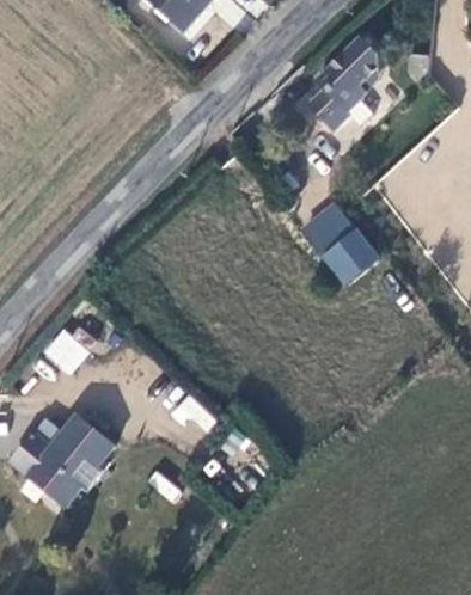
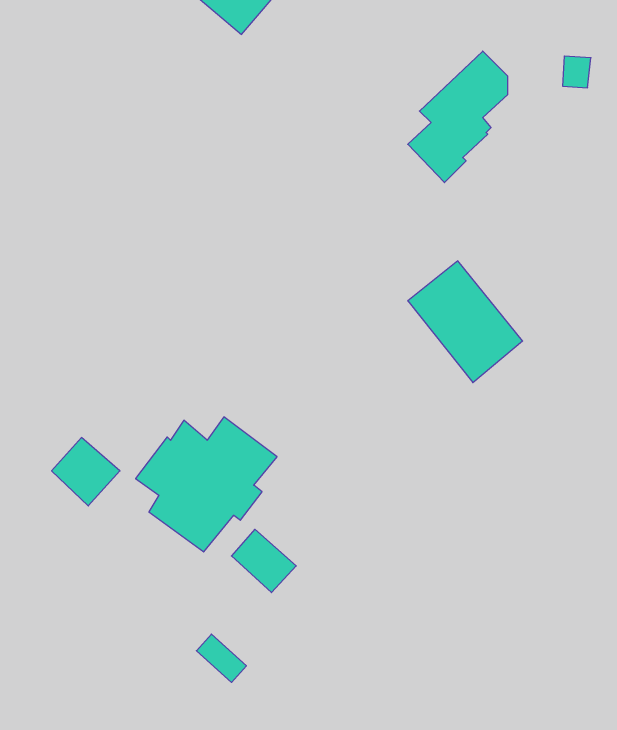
building: [17,417,118,514] -> [136,417,277,552]

